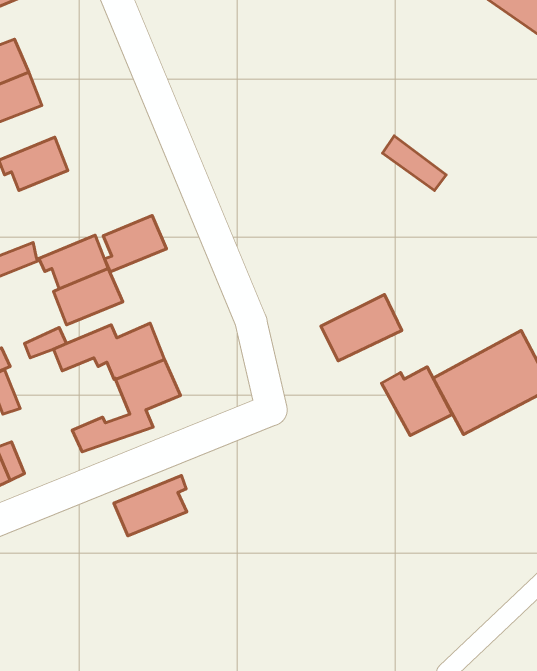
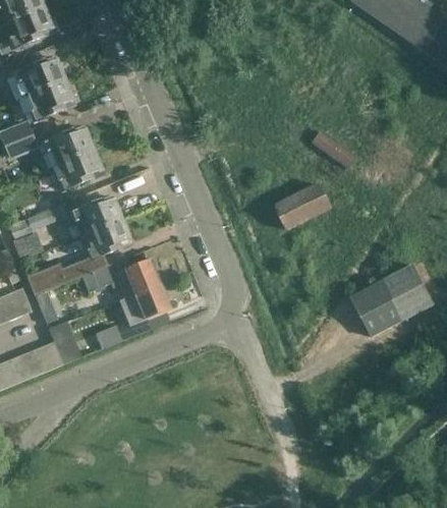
building: [103,216,167,272] -> [57,150,102,189]
building: [321,295,402,361] -> [273,183,330,230]
building: [381,367,452,435] -> none
building: none -> [50,318,83,361]
building: [114,475,187,536] -> none

